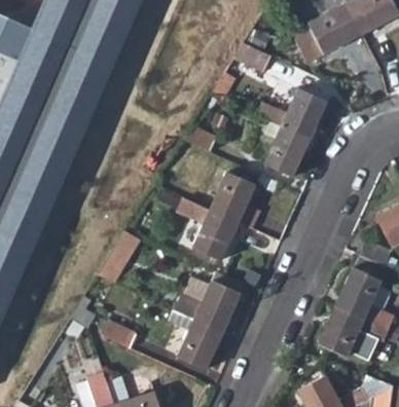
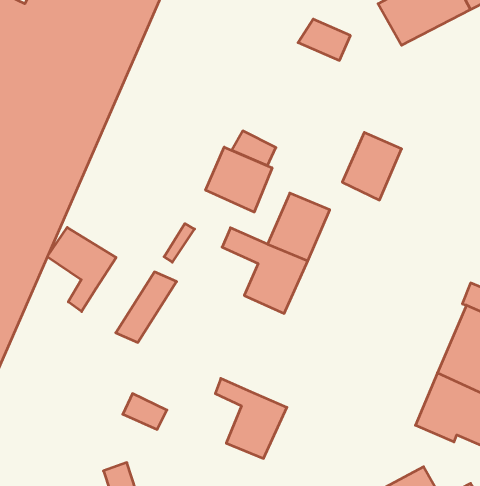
building: [257,88,326,139] -> none
building: none -> [206,147,272,212]
building: none -> [47,227,116,312]
building: [174,270,246,331] -> none

